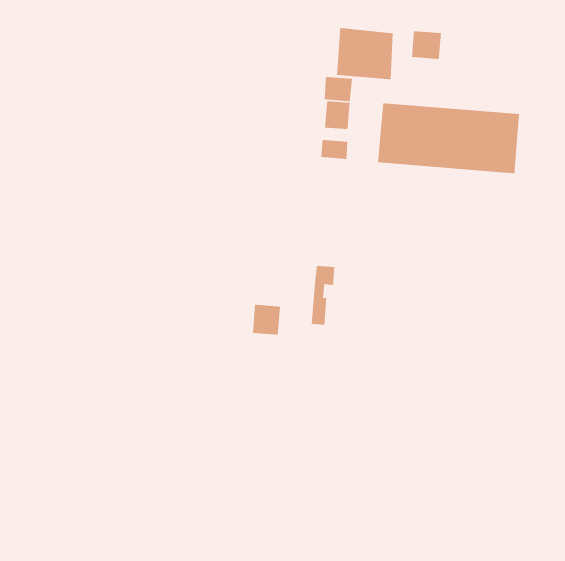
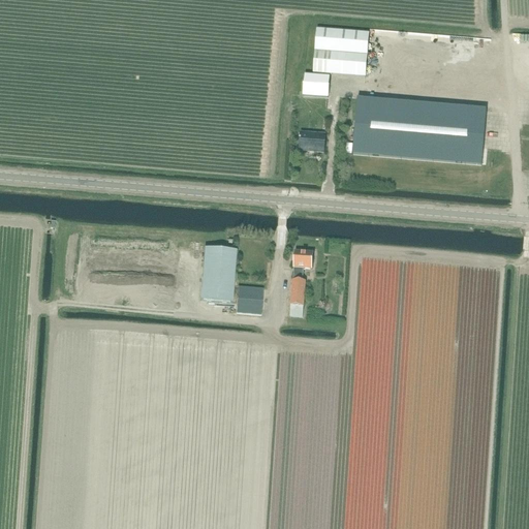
building: [412,30,441,60] -> none
building: [325,101,350,130] -> none
building: none -> [199,245,236,300]

